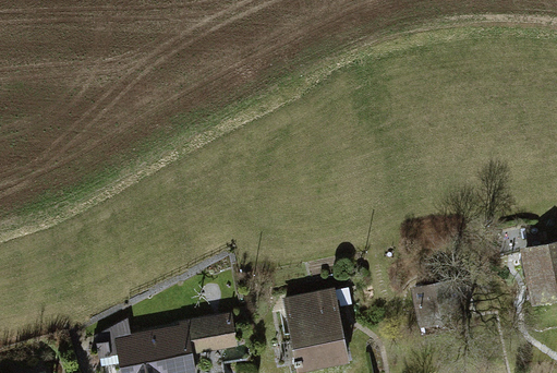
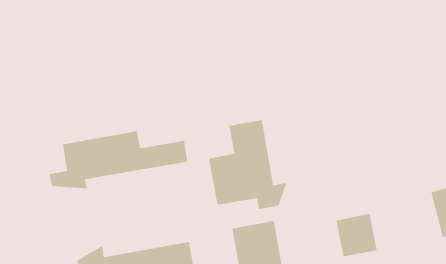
building: none -> [208,120,287,210]
building: none -> [49,131,188,189]

